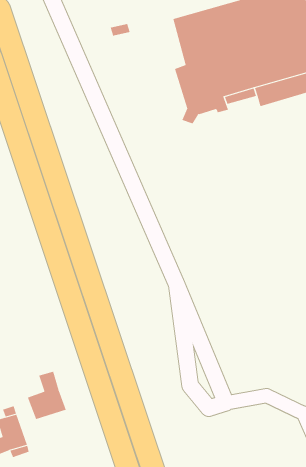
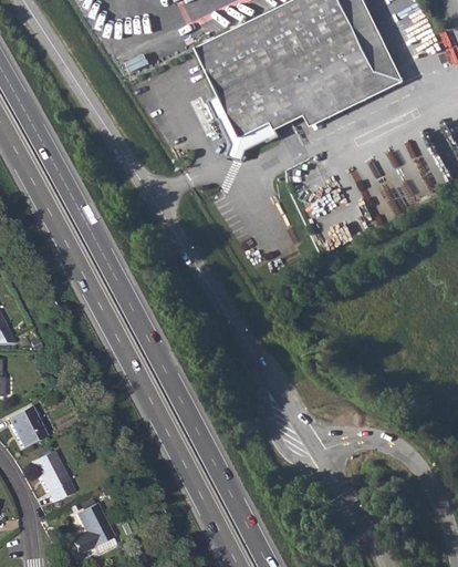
building: [27,371,67,420] -> none

